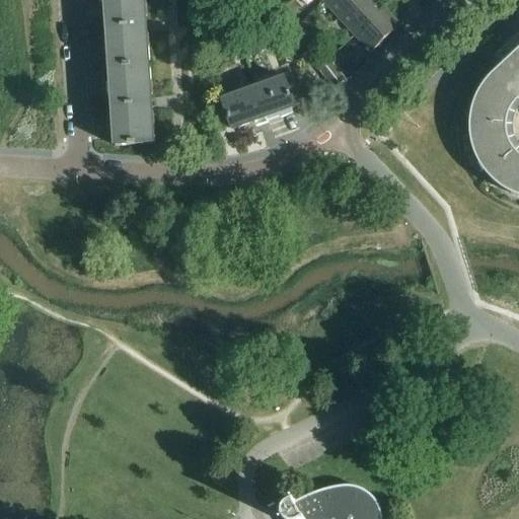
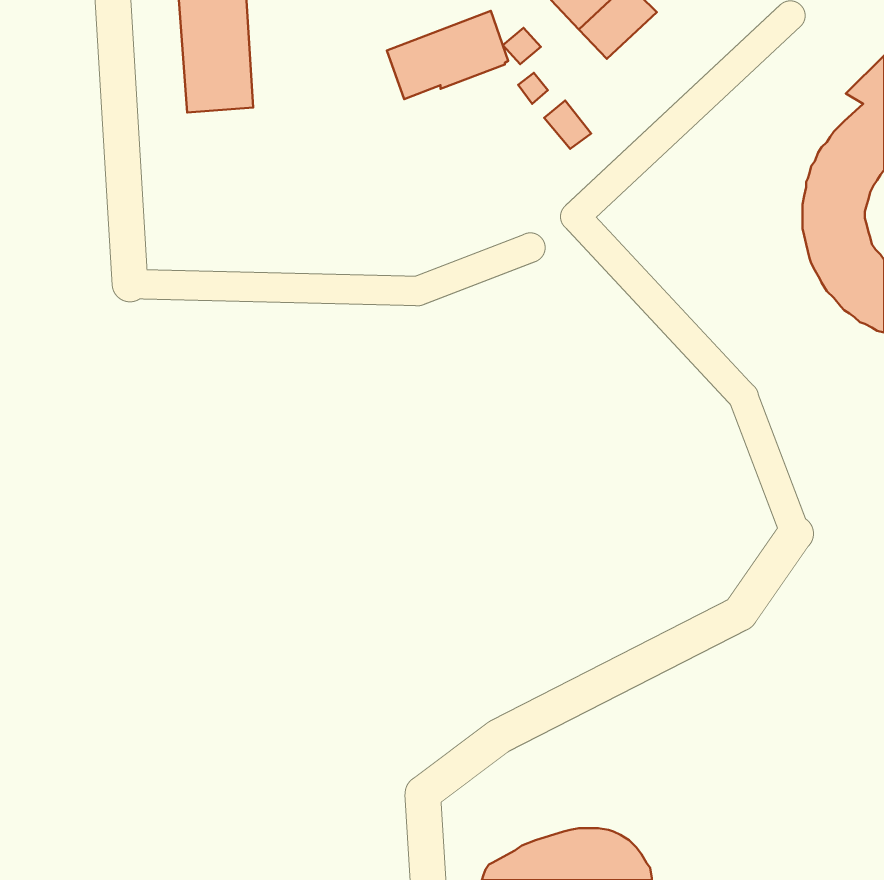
building: [355,7,399,52] -> none
building: [109,63,154,145] -> none
building: [222,76,293,128] -> [387,11,508,99]

